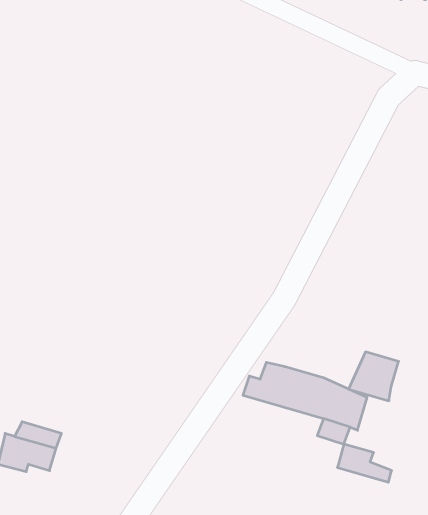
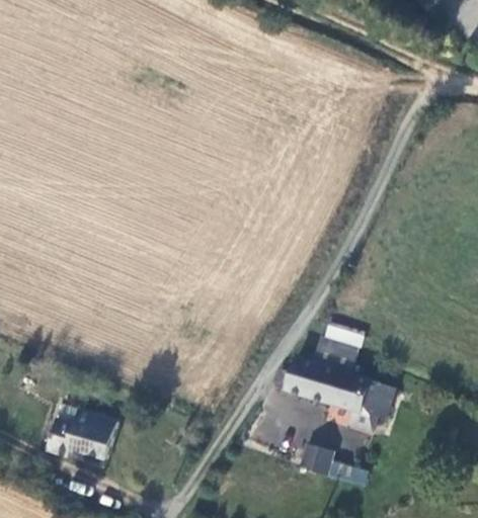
building: [349,352,399,401] -> [316,324,364,370]
building: [337,444,392,482] -> [303,446,354,483]

